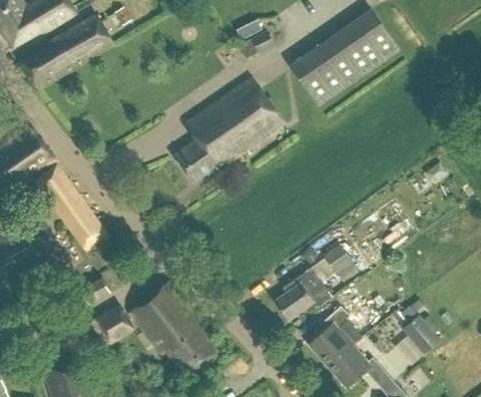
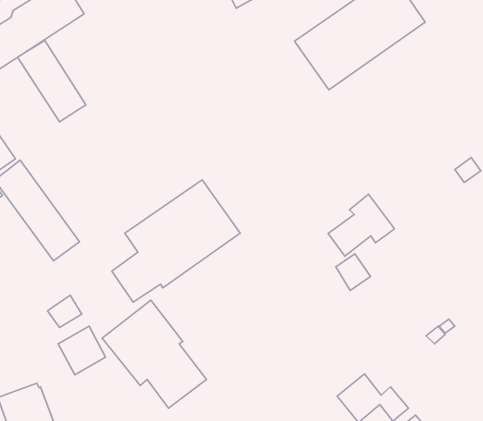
building: none -> [18,41,86,122]
building: [174,77,283,180] -> [112,180,240,302]
building: [277,268,333,320] -> [328,194,395,256]
building: [307,306,360,364] -> none
building: [404,316,441,355] -> none

